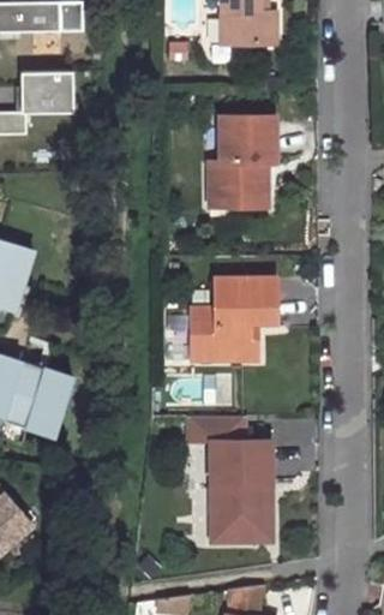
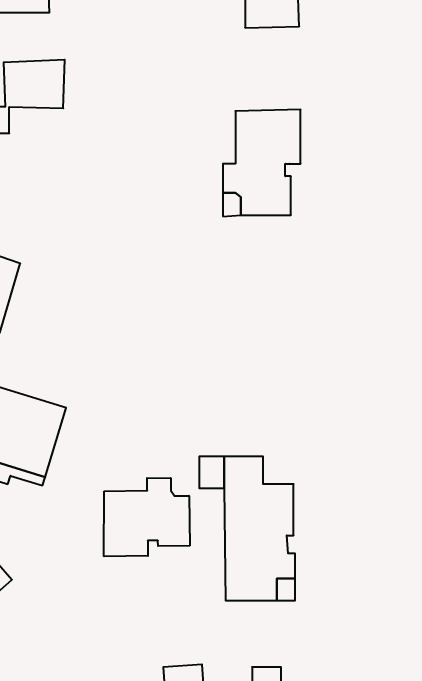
building: [191,276,276,358] -> none
building: none -> [104,478,190,556]

